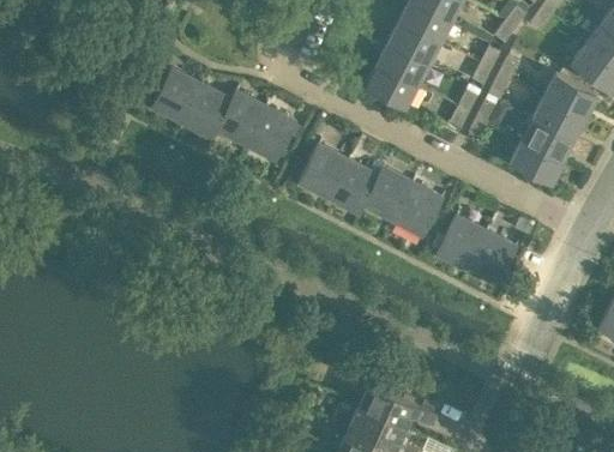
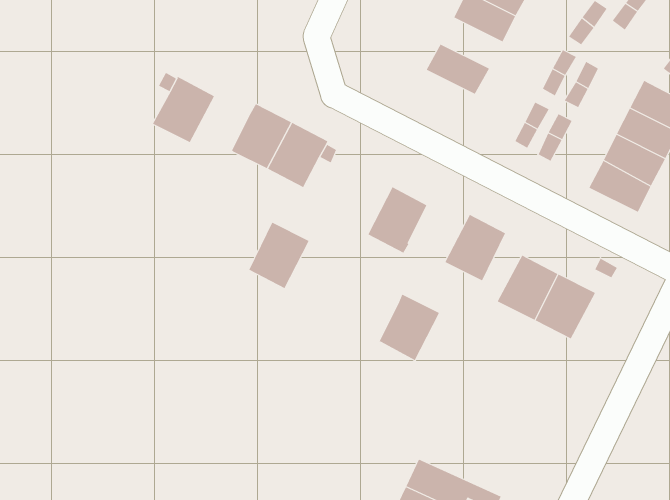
building: [389,19,440,61] -> none
building: [366,62,417,106] -> none
building: [182,84,231,138] -> none
building: [299,143,349,198] -> [248,222,310,289]
building: [362,165,413,221] -> [379,294,440,361]

